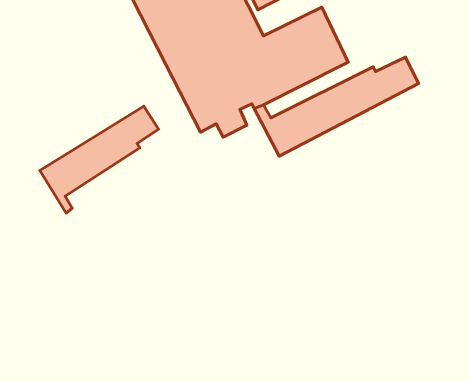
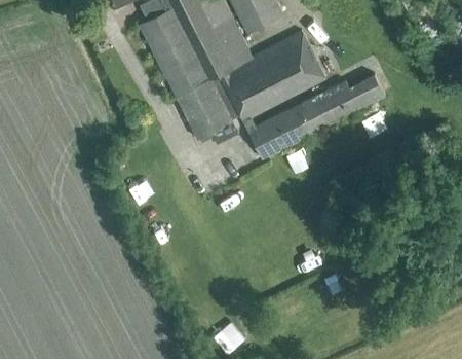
building: [40,106,159,213] -> none

